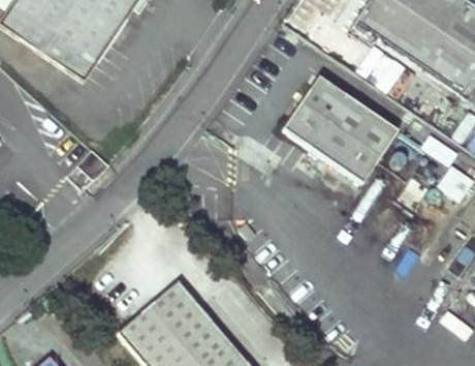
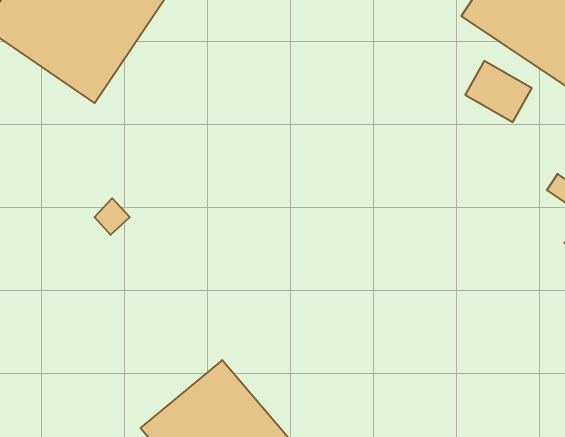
building: [282,73,400,184] -> none

